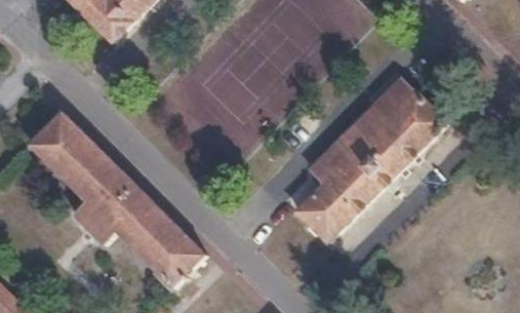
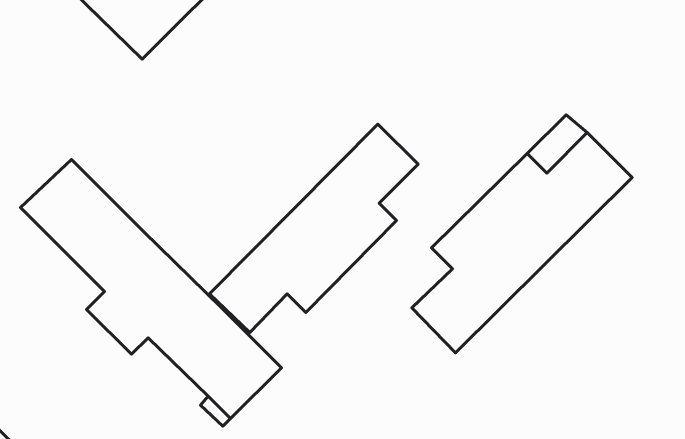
building: none -> [210,124,418,333]

